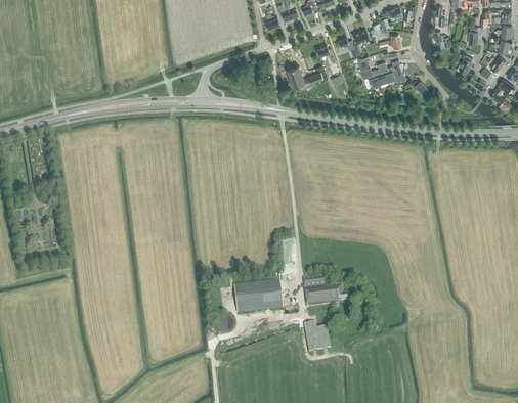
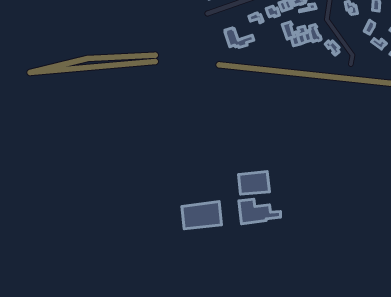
building: none -> [238,171,269,194]
building: [304,322,331,352] -> none

